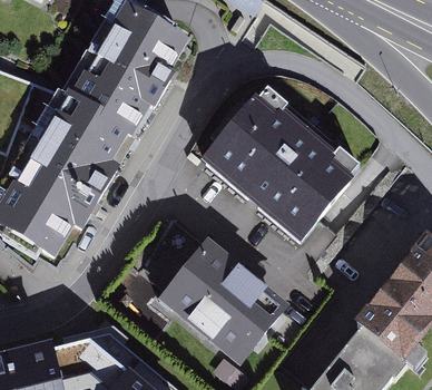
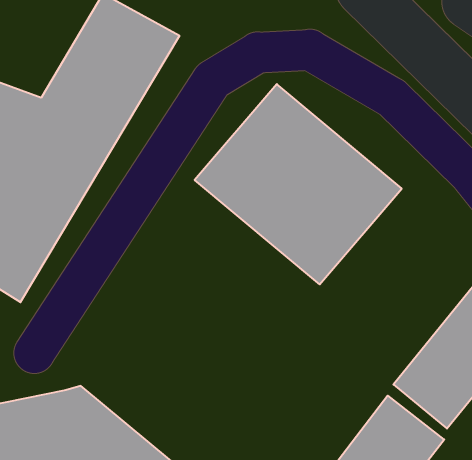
building: [154,243,288,373] -> none

